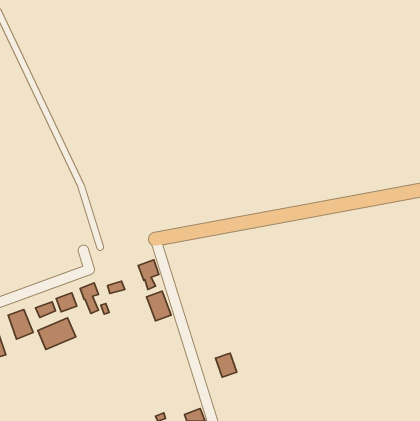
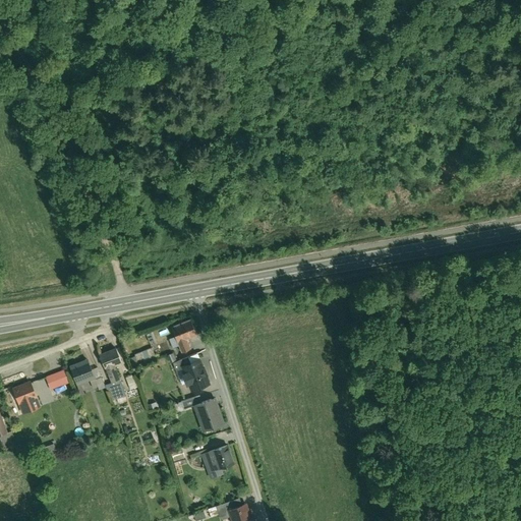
building: [38,318,76,349] -> none
building: none -> [196,399,226,436]
building: [215,353,237,377] -> [207,445,233,474]

